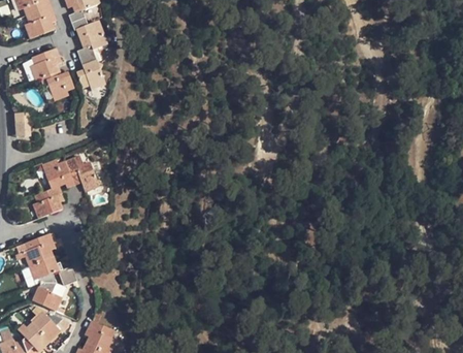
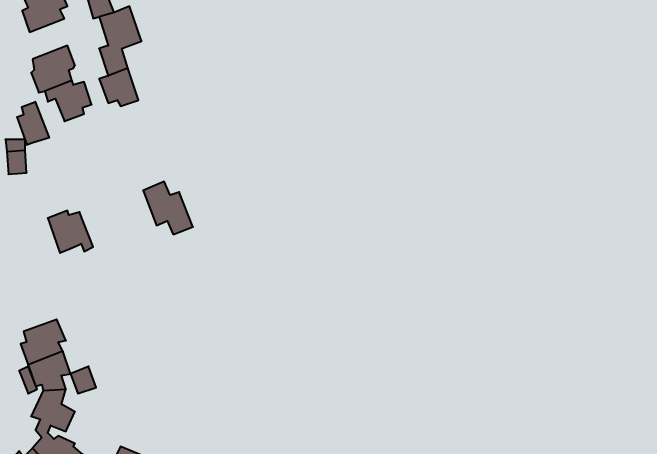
building: none -> [17,102,49,145]
building: [65,155,99,191] -> [143,182,193,234]
building: [33,186,64,218] -> none

